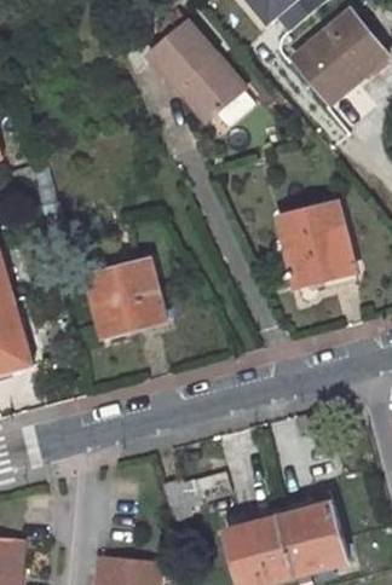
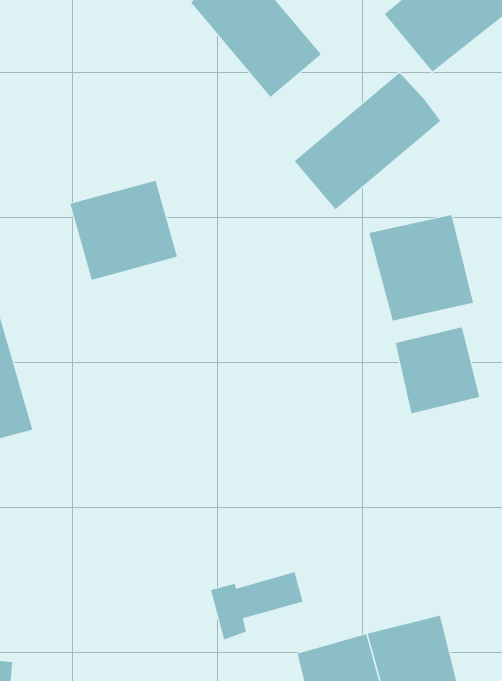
building: none -> [294,72,441,210]
building: [88,265,167,337] -> [69,180,178,280]
building: none -> [395,326,480,414]

